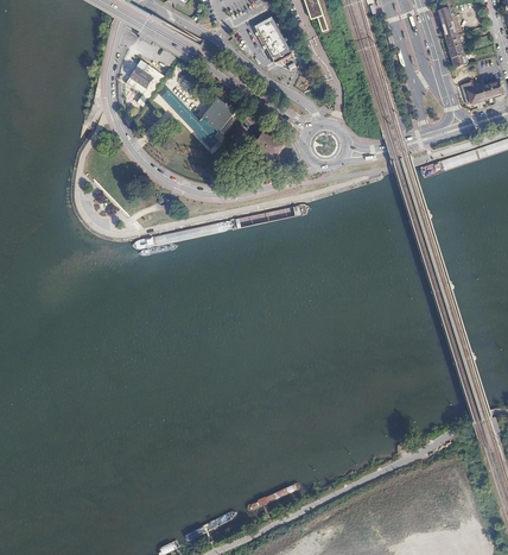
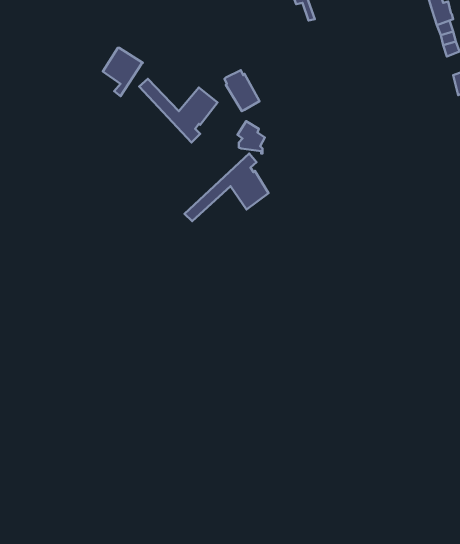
building: [256,20,290,59] -> [225,70,259,111]
building: none -> [185,153,269,221]

